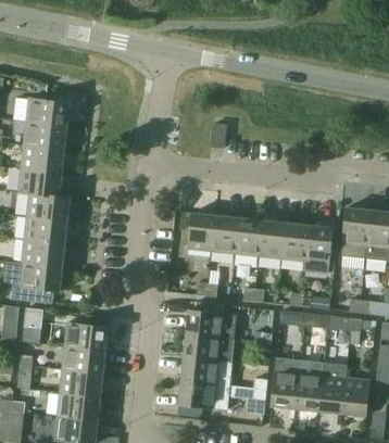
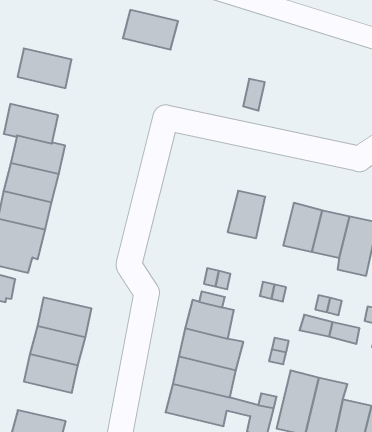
building: [25,98,68,126] -> [123,10,178,50]
building: [20,145,63,173] -> none
building: [186,213,214,251] -> none
building: [234,218,261,256] -> none
building: [57,393,99,421] -> none

